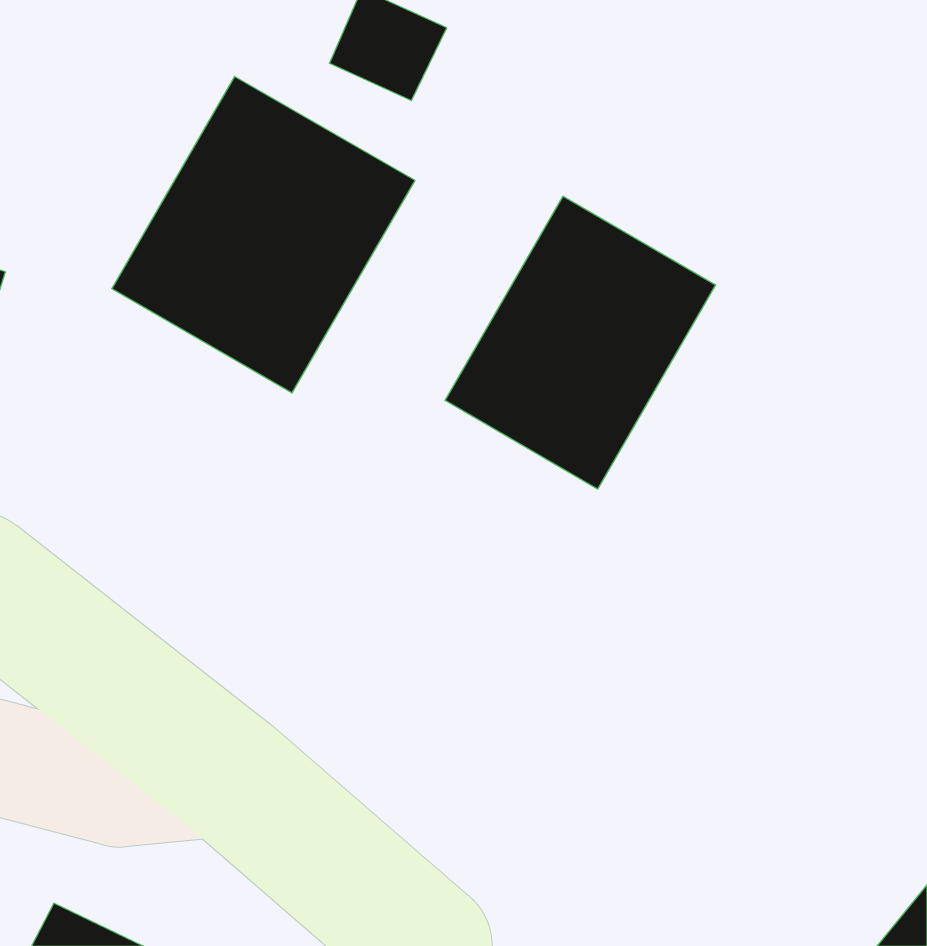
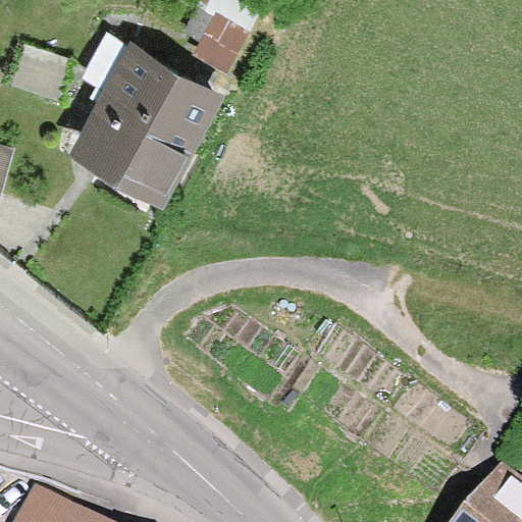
building: [445,196,716,489] -> none

